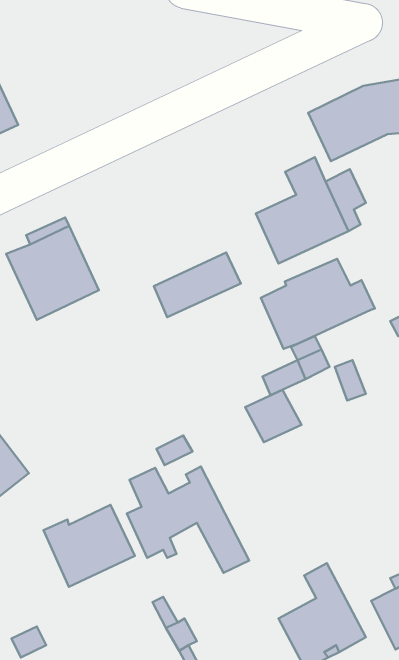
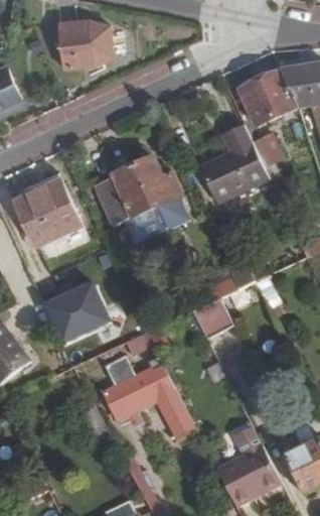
building: none -> [57,19,112,68]
building: [261,259,375,349] -> [95,157,180,225]
building: [43,505,135,587] -> [41,283,110,345]

